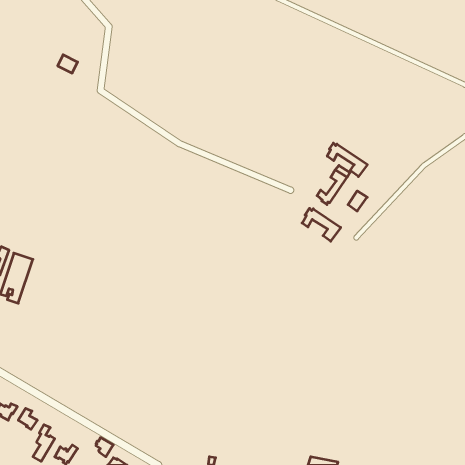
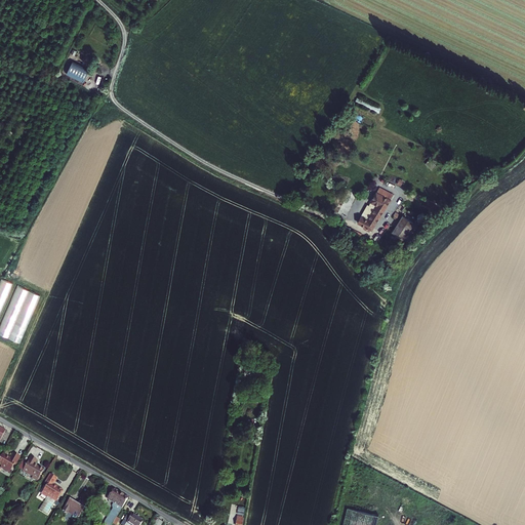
building: [327,143,367,177] -> none
building: [302,208,341,241] -> none

